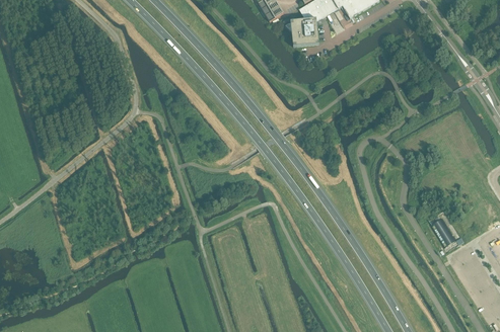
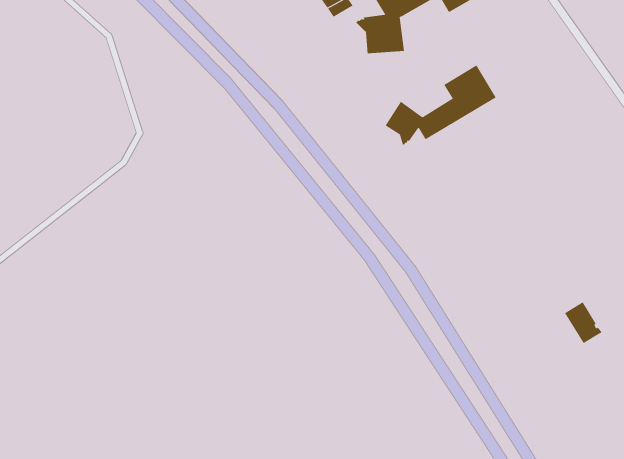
building: none -> [385,65,497,146]

